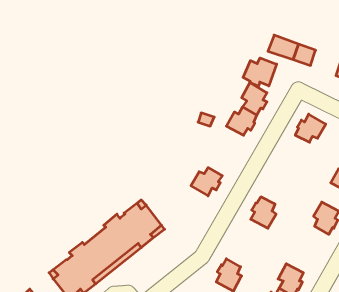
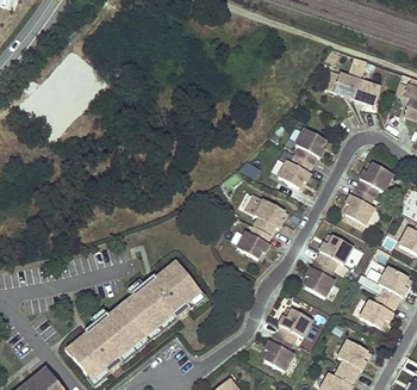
building: [243,58,277,86] -> none
building: none -> [344,187,374,224]
building: none -> [242,191,282,235]
building: none -> [316,235,353,268]
building: none -> [359,295,396,328]
building: none -> [275,309,312,342]

